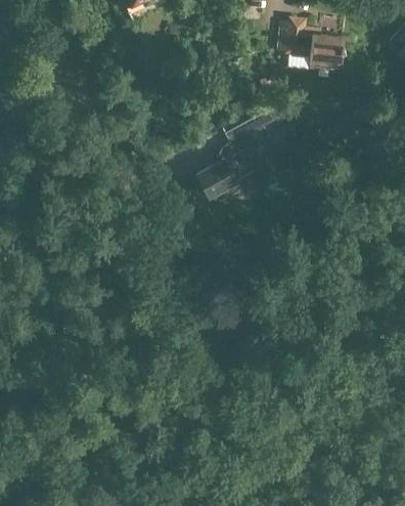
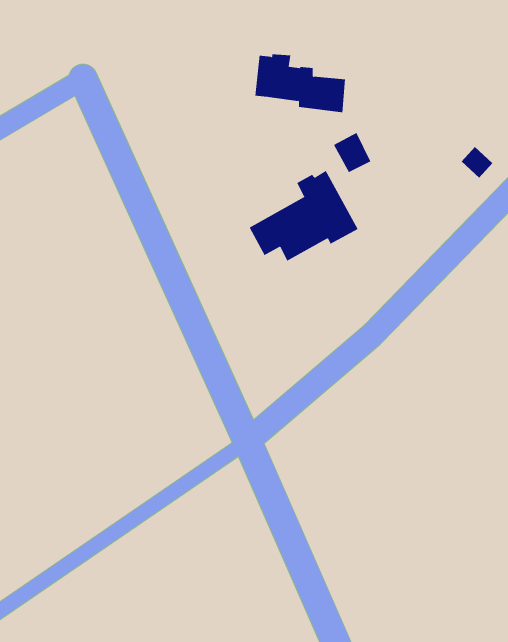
building: [275,20,342,64] -> [255,54,346,113]

